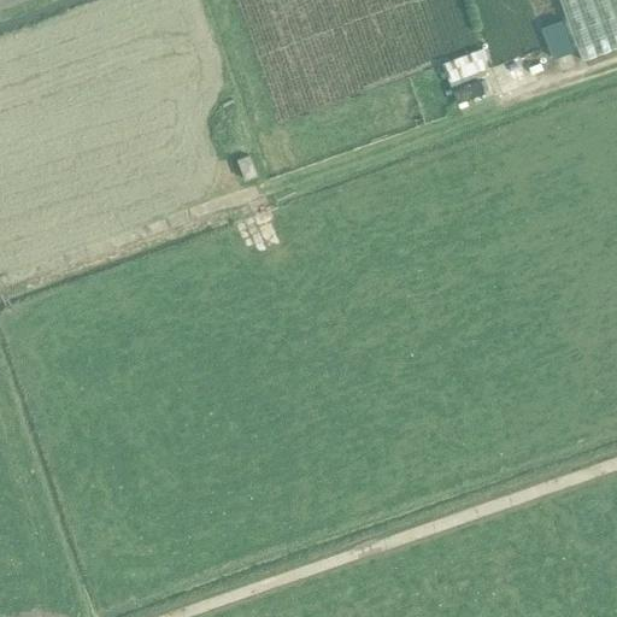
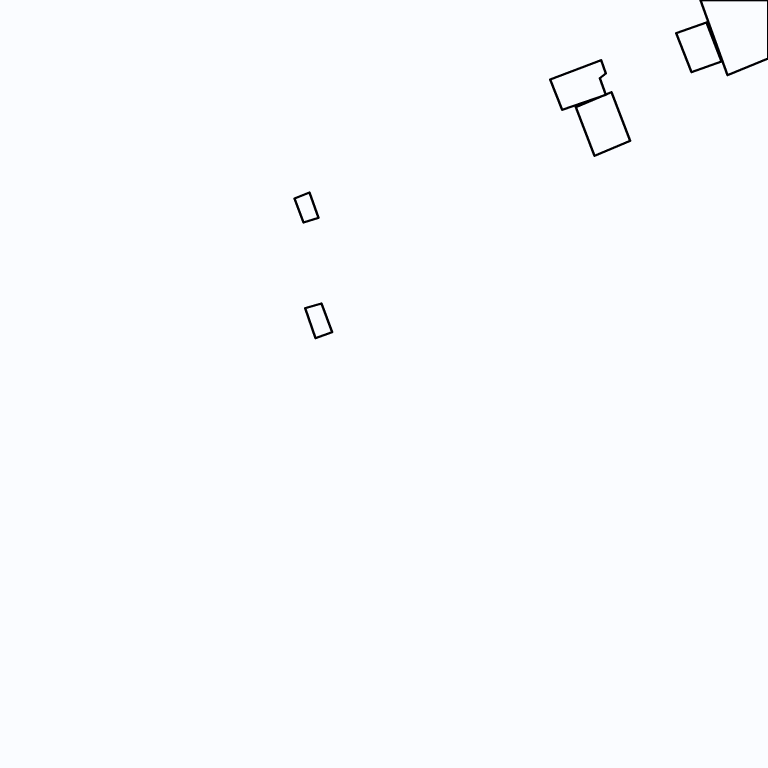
building: none -> [576,92,630,156]

